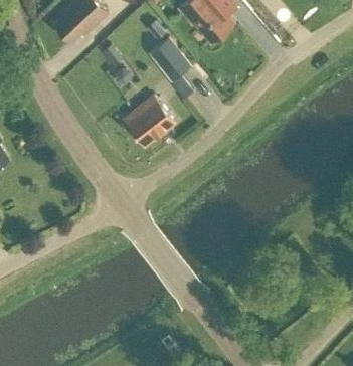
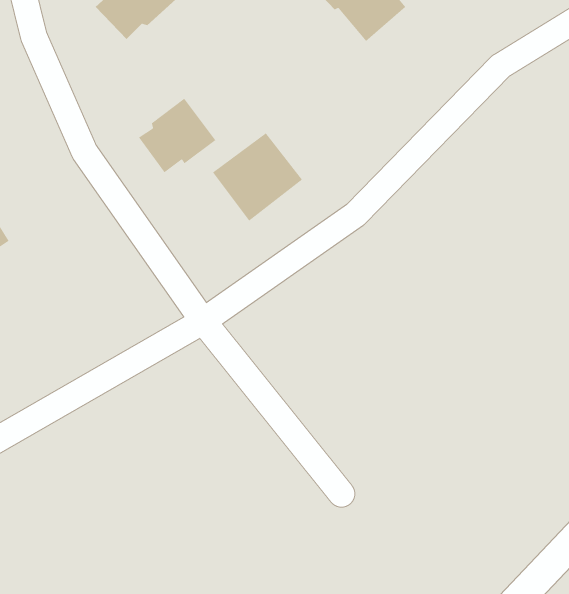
building: [149,37,191,80] -> none
building: none -> [138,98,216,173]

